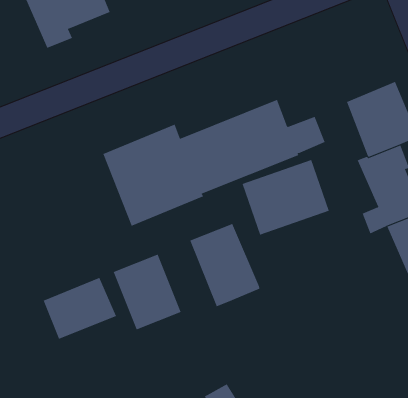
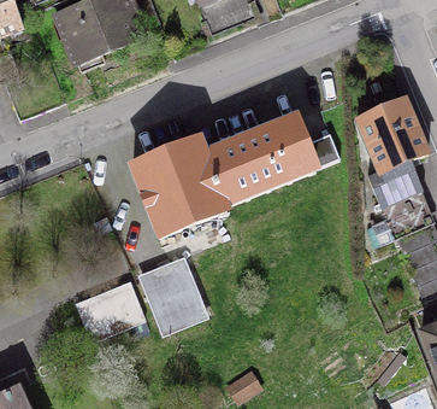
building: [242,159,329,235] -> none
building: [190,223,260,307] -> none

